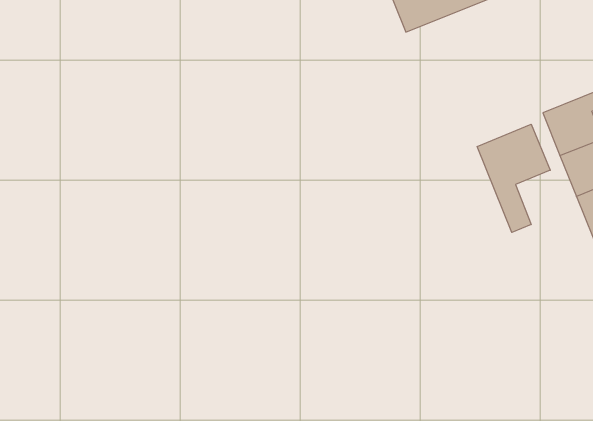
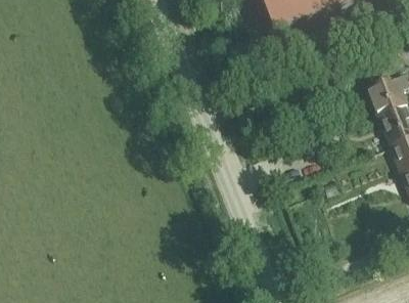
building: [477,124,550,232] -> none

